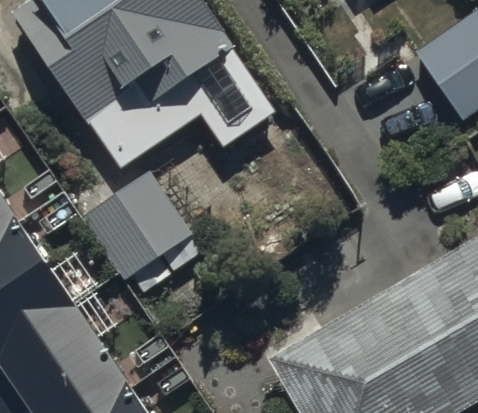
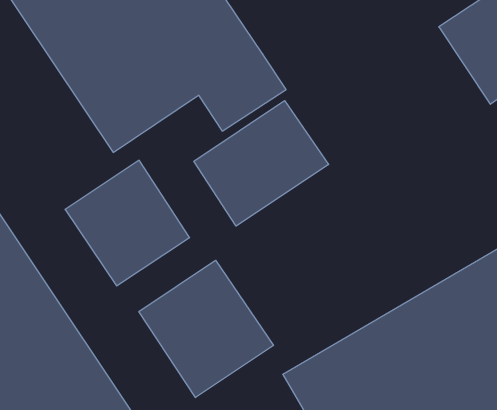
building: none -> [194,101,329,226]
building: none -> [139,260,273,398]

